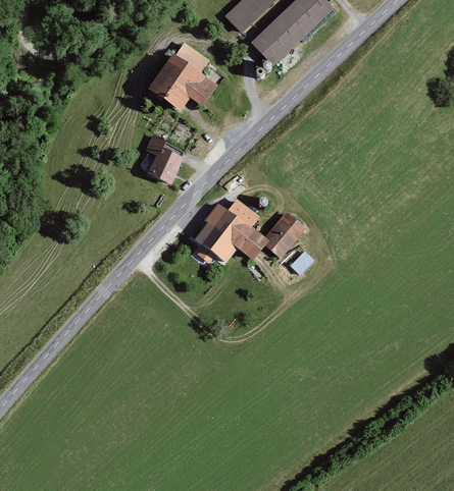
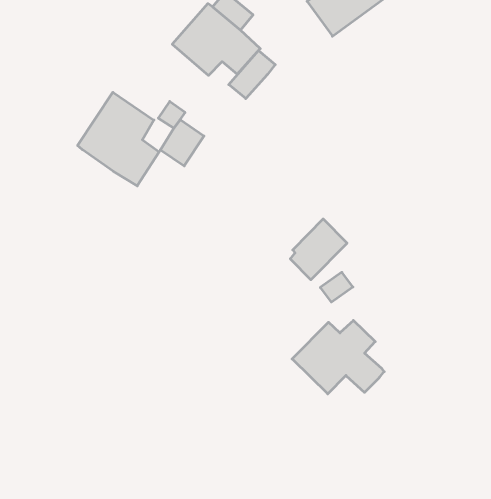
building: none -> [229,51,275,99]
building: none -> [78,92,159,186]
building: [193,203,266,263] -> [292,320,384,394]

